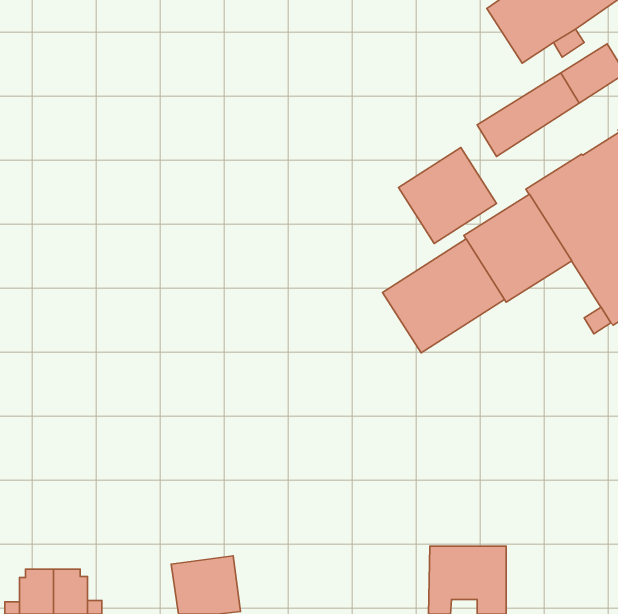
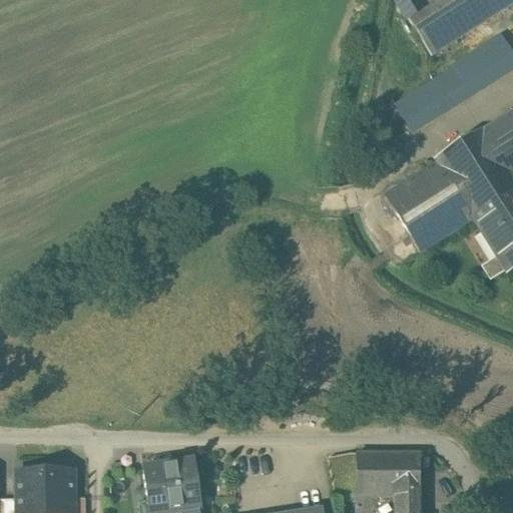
building: [399,148,496,244] -> none
building: [383,239,505,353] -> none

